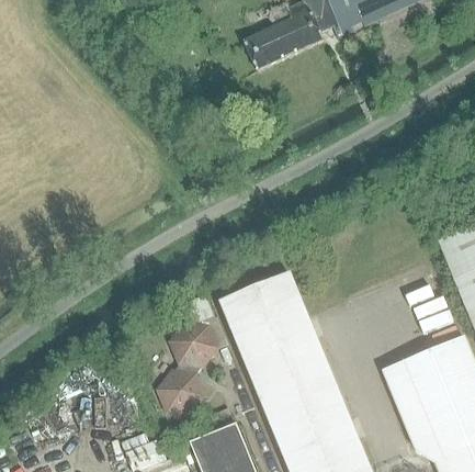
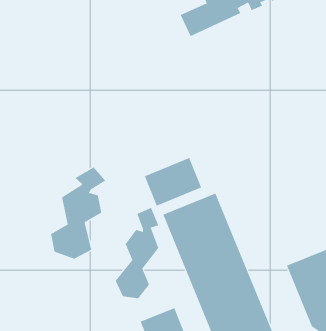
building: none -> [144,157,202,206]
building: none -> [51,166,106,260]

